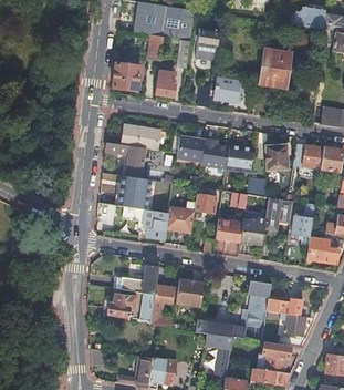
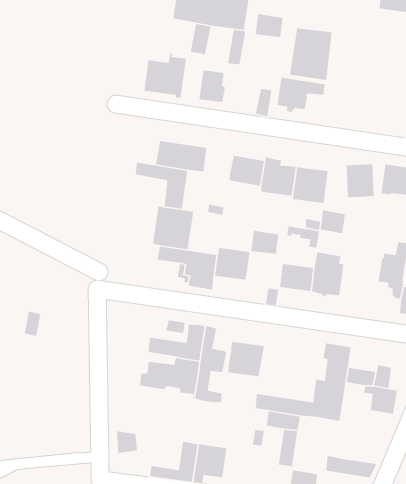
building: [259,48,292,89] -> [289,27,333,81]
building: [264,197,293,230] -> none
building: [262,341,292,372] -> none

